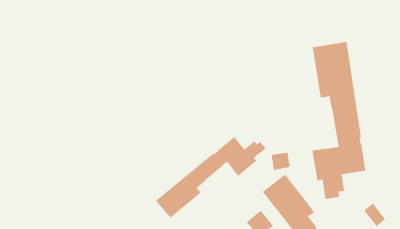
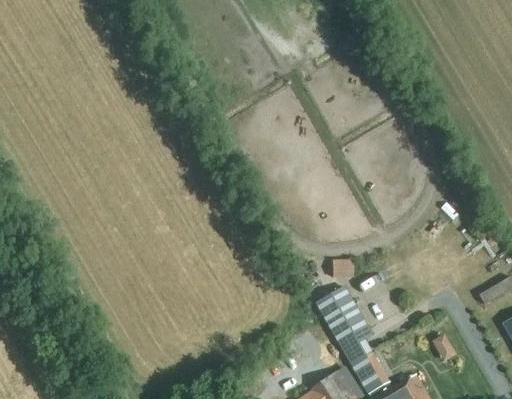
building: [312,41,366,200] -> none
building: [155,136,266,219] -> none

